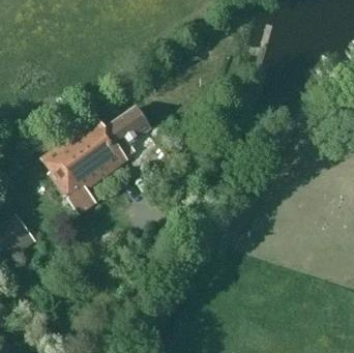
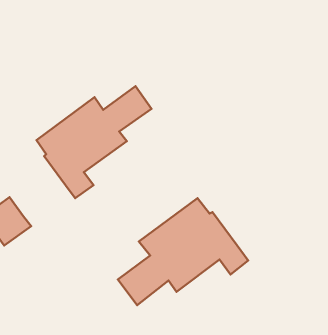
building: none -> [118,198,248,305]

